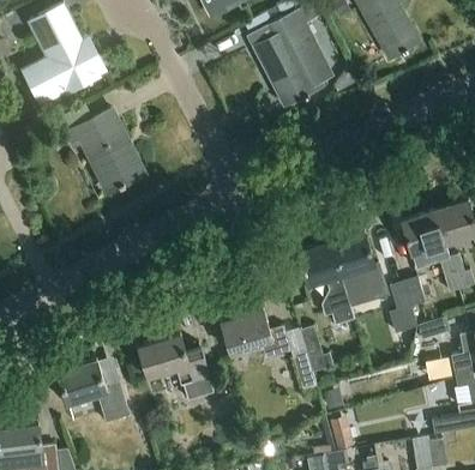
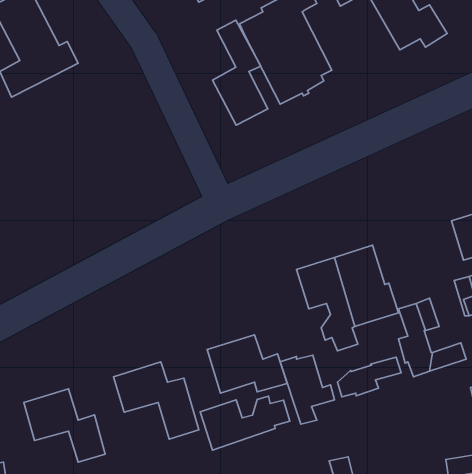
building: none -> [213,20,268,125]
building: [67,108,144,193] -> none
building: [403,209,446,254] -> none
building: none -> [337,357,401,397]
building: none -> [200,396,290,450]

